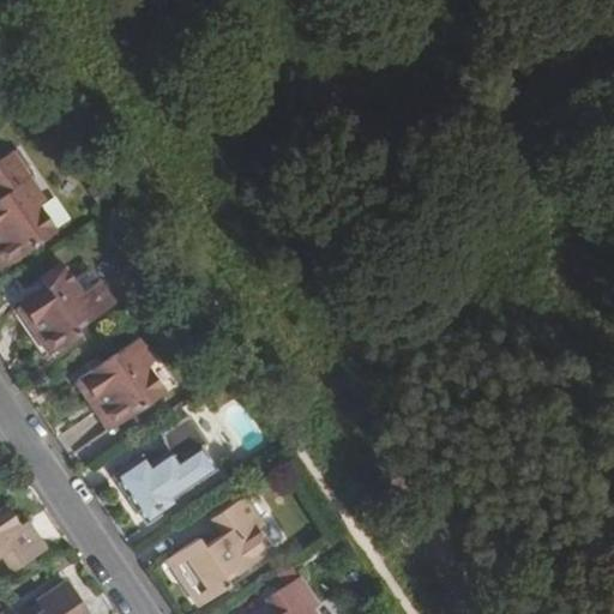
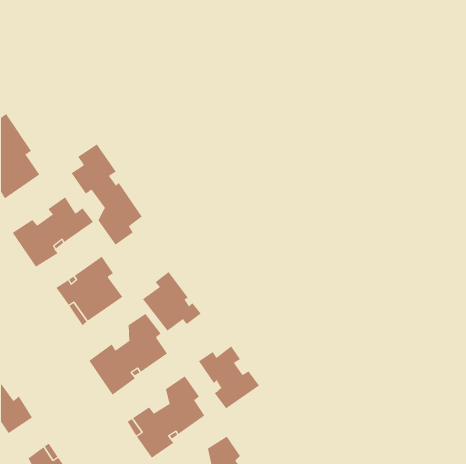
building: none -> [71,144,142,246]
building: none -> [142,271,202,332]
building: none -> [198,346,260,409]

